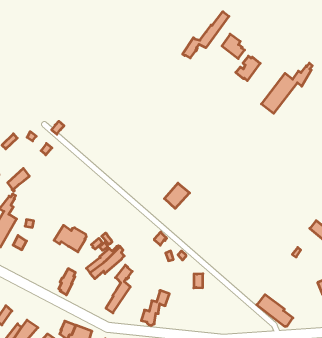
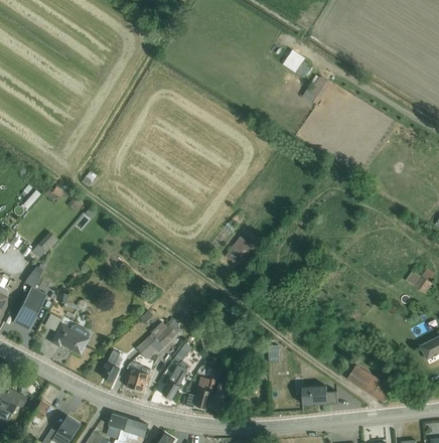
building: [183,12,229,58] -> none
building: [261,63,312,113] -> none
building: [54,225,86,252] -> [50,323,90,354]
building: none -> [126,362,150,392]
building: none -> [194,370,221,410]
building: none -> [301,386,337,405]

